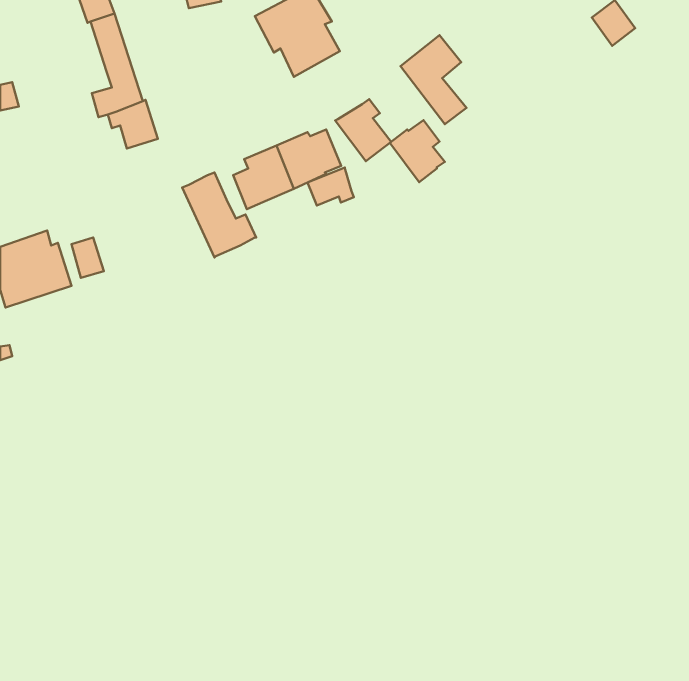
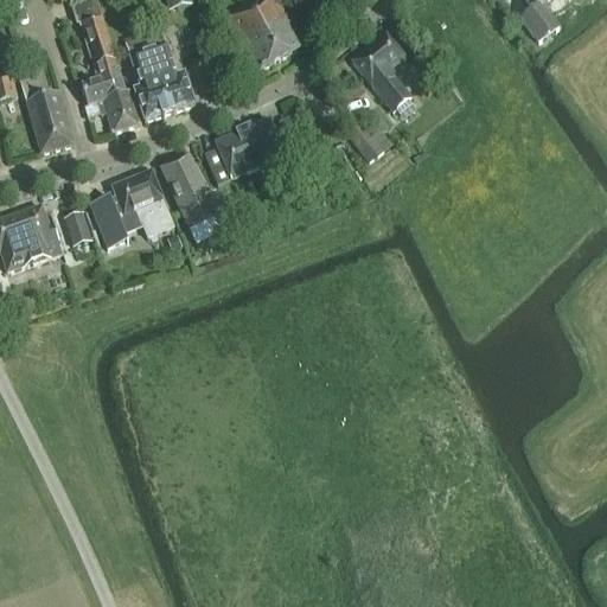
building: none -> [124,30,194,119]
building: none -> [20,72,74,151]
building: [335,99,391,161] -> none
building: [307,167,354,206] -> none
building: none -> [89,168,173,248]

